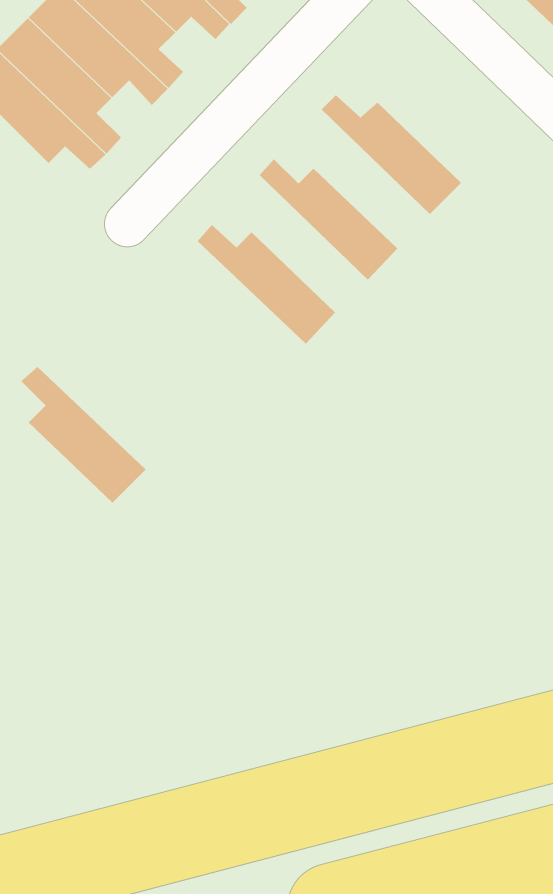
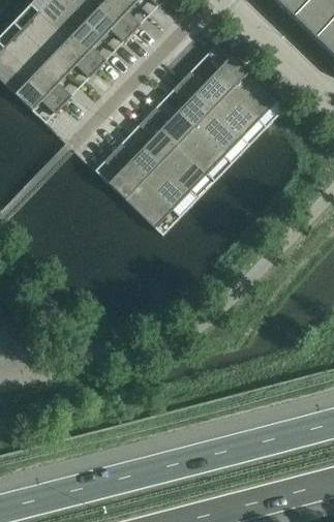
building: none -> [208,40,277,117]
building: none -> [174,76,242,153]
building: none -> [139,113,208,188]
building: [20,366,146,503] -> [104,149,174,224]

